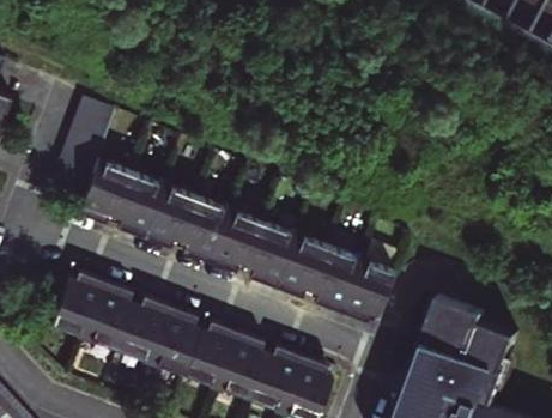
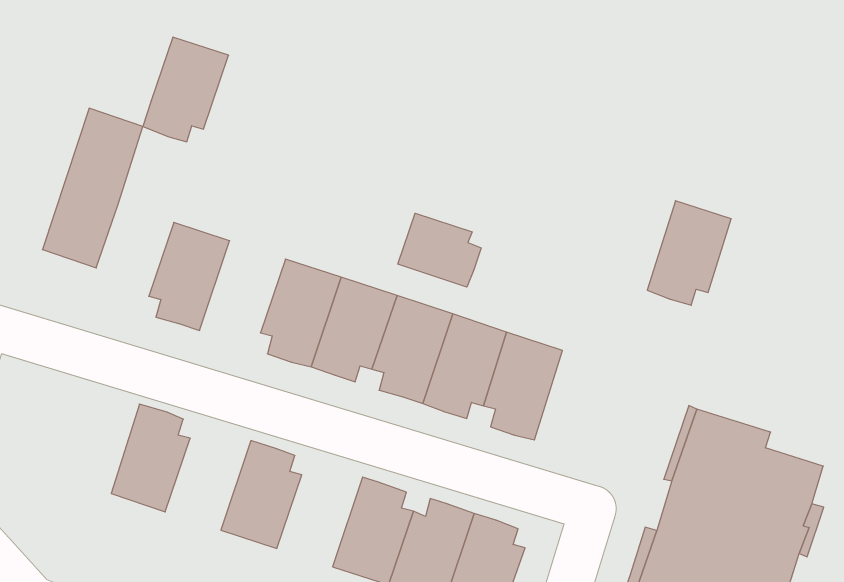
building: [74,156,129,220] -> [143,37,229,142]
building: none -> [398,213,481,287]
building: [141,182,196,247] -> none
building: [342,261,396,326] -> [647,201,731,305]
building: [48,268,102,333] -> none
building: [114,295,169,359] -> none
building: [181,321,236,386] -> none

